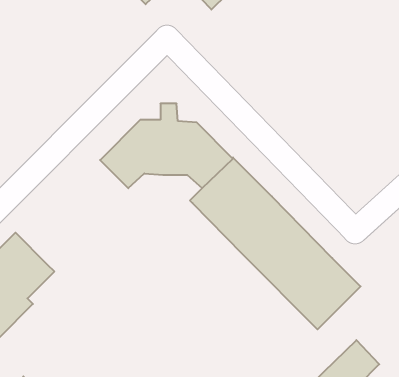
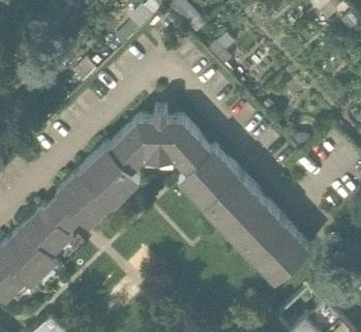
building: none -> [46,147,142,232]

